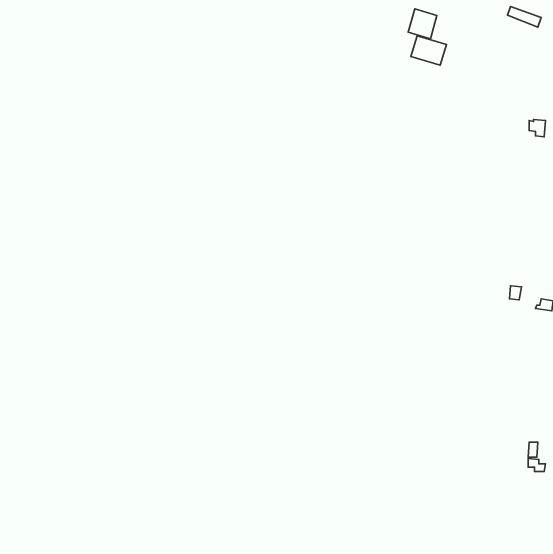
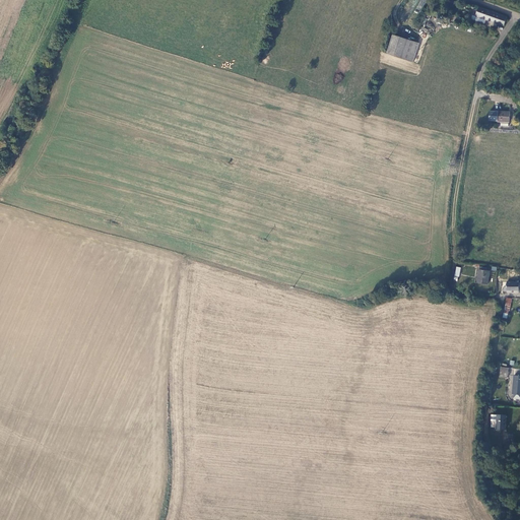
building: [408,9,437,39] -> none

